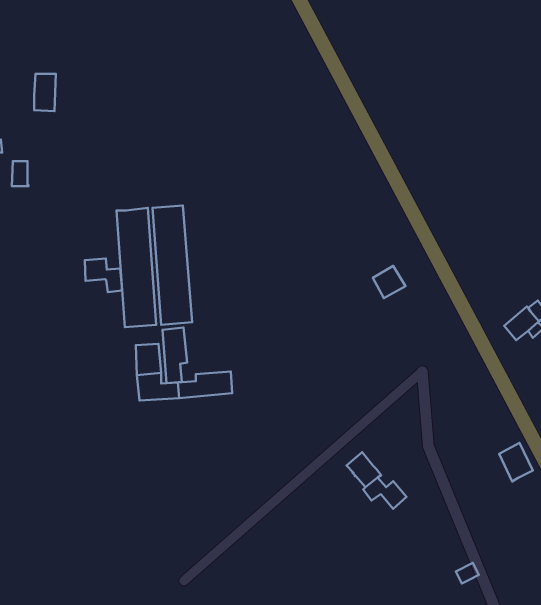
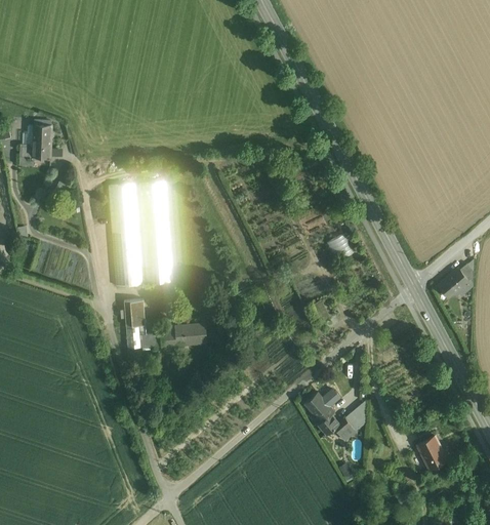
building: [34,74,56,111] -> [33,125,51,157]
building: [85,258,122,292] -> none
building: [163,328,187,383] -> none
building: [499,443,533,481] -> [418,435,447,468]
building: none -> [344,399,367,430]

